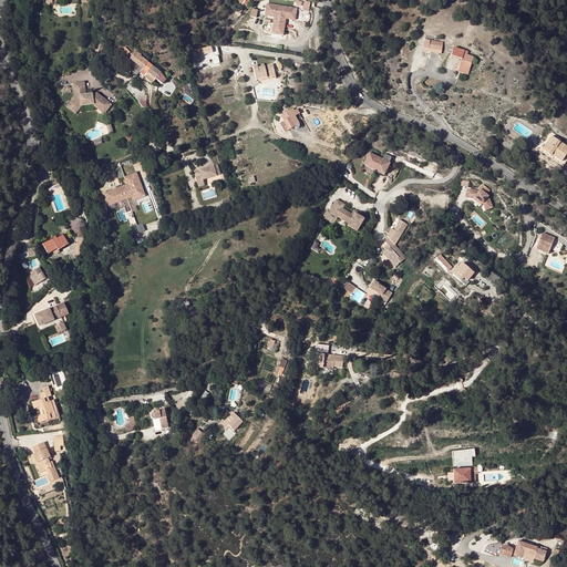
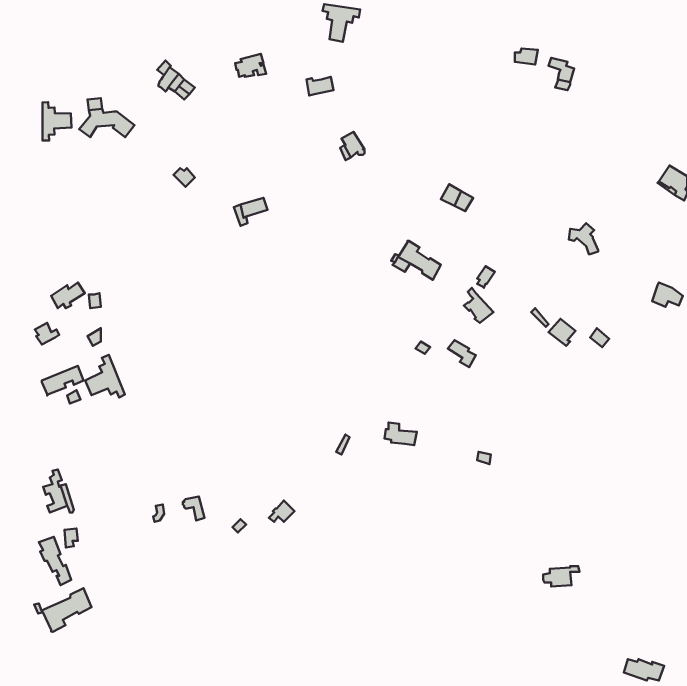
building: none -> [42,102,72,141]
building: [106,173,144,203] -> none
building: none -> [85,355,125,397]
building: none -> [34,588,92,632]

